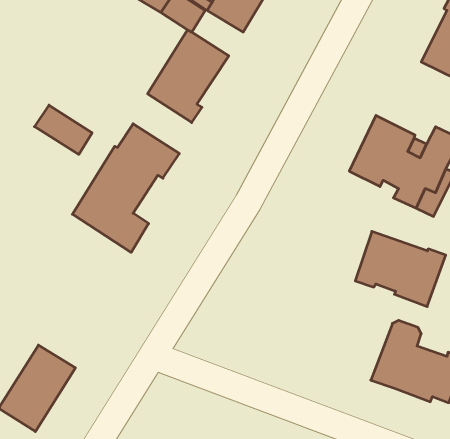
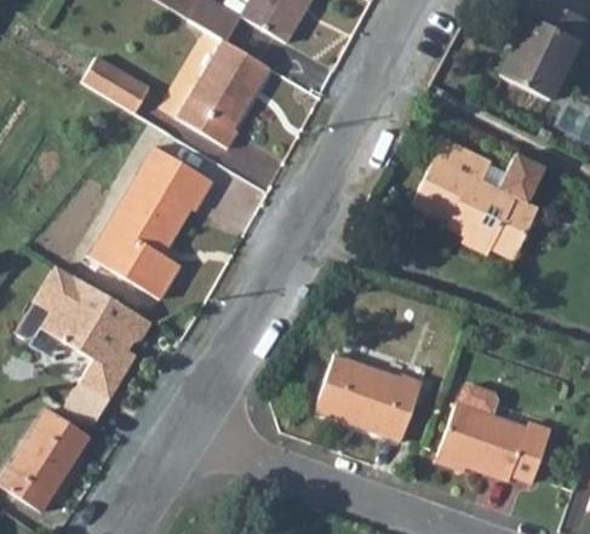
building: [34,105,92,154] -> [85,56,153,114]
building: none -> [17,264,153,424]
building: [355,231,446,307] -> [316,351,423,440]

